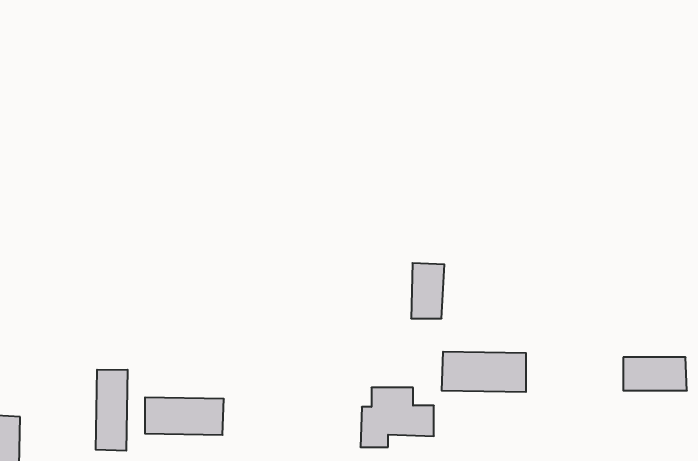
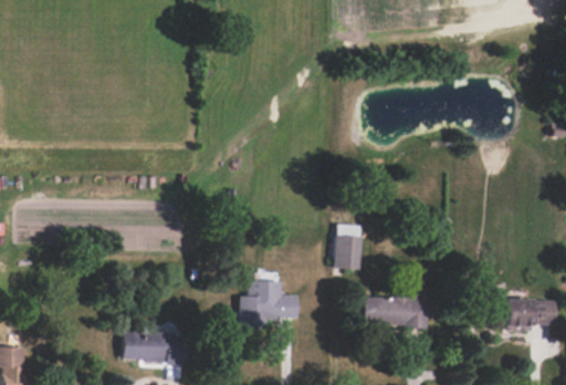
building: [96,370,128,451] -> none
building: [360,388,434,447] -> [239,281,297,329]

